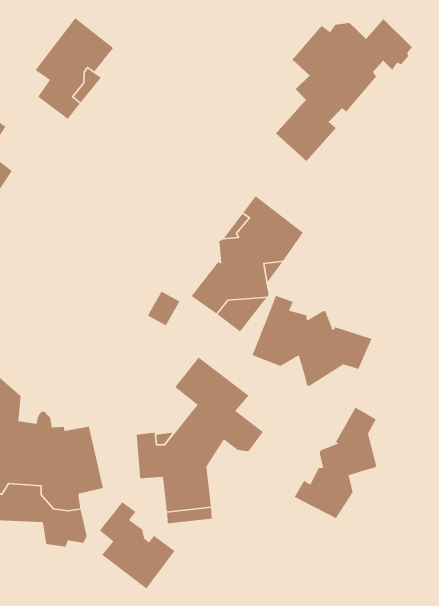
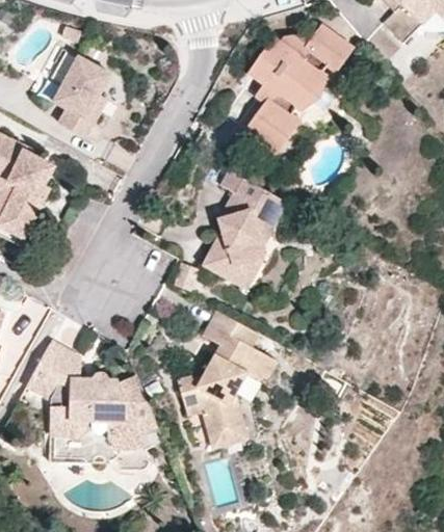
building: [252,295,373,387] -> none
building: [293,407,377,519] -> none
building: [99,501,175,590] -> none

